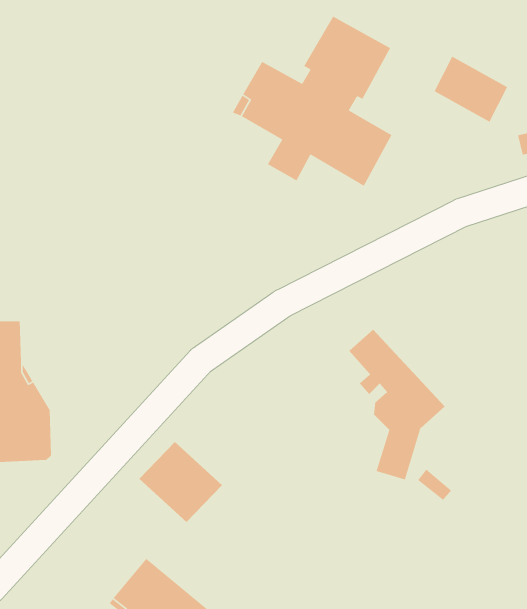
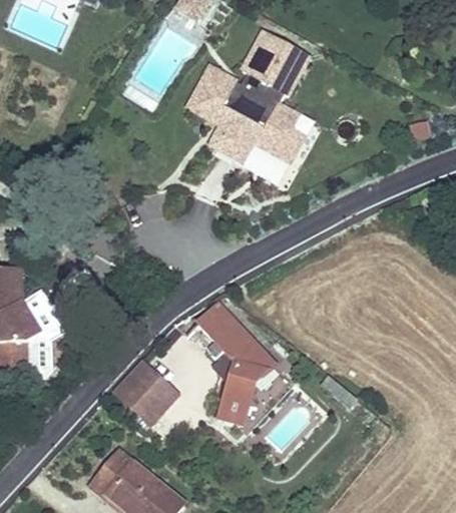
building: [434,56,508,123] -> none
building: [348,329,446,481] -> [198,305,274,422]

